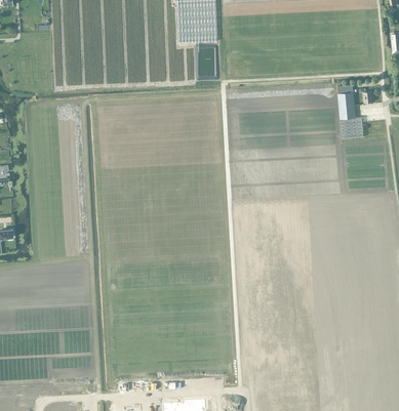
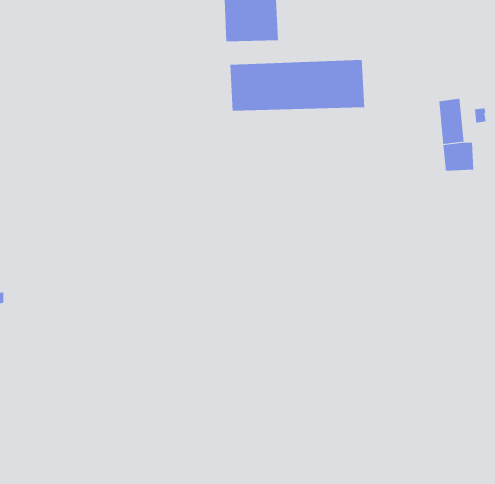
building: none -> [230,59,365,111]

